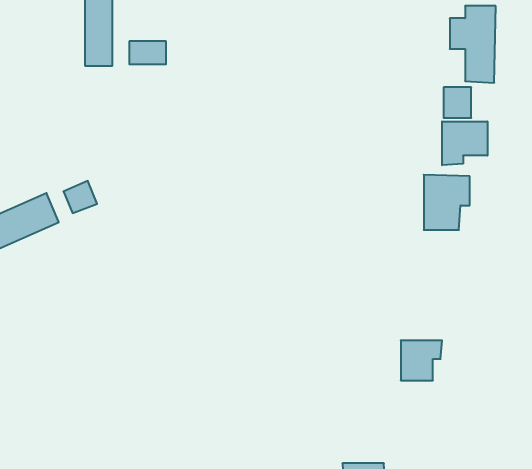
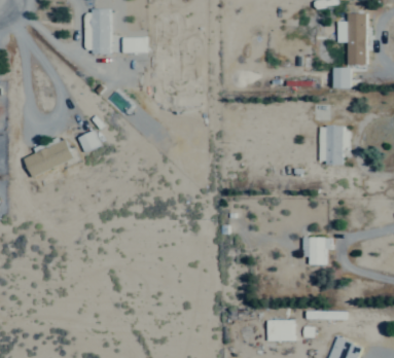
building: [442,121,487,165] -> none

